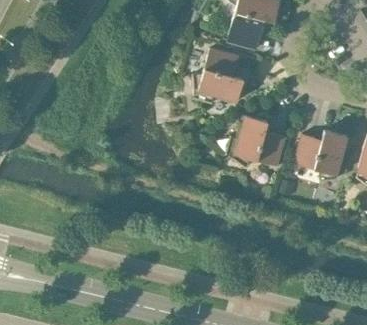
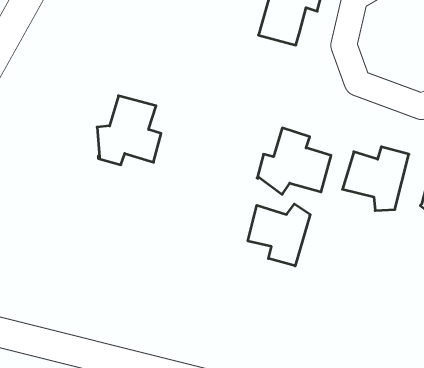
building: [193,49,244,104] -> [97,96,161,165]
building: none -> [248,204,310,266]

